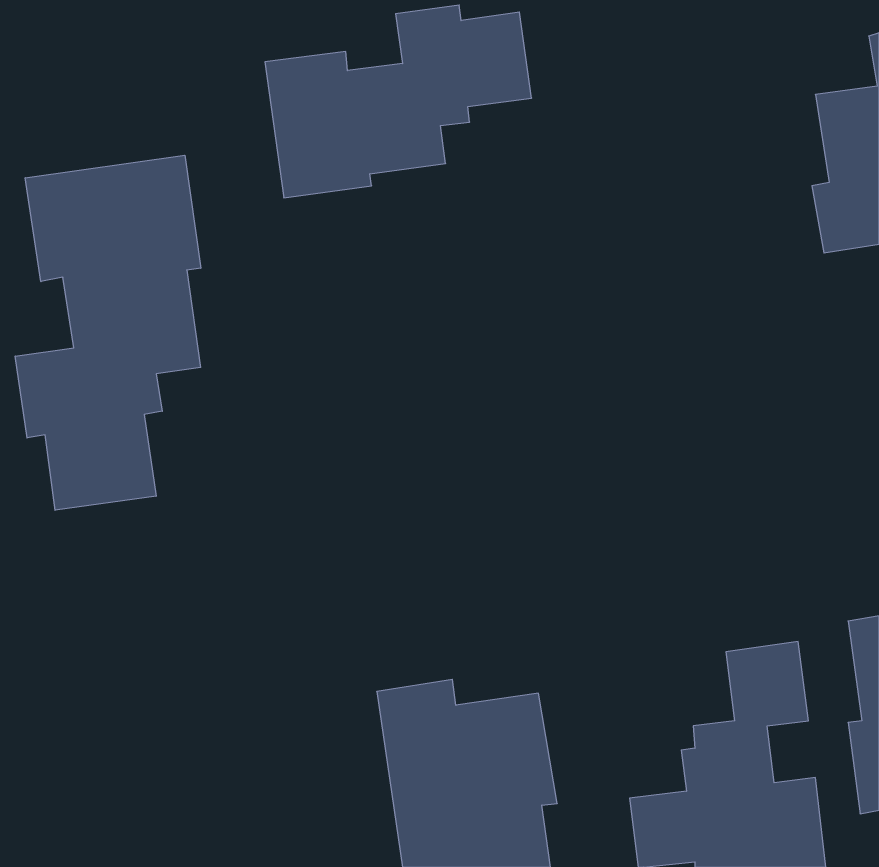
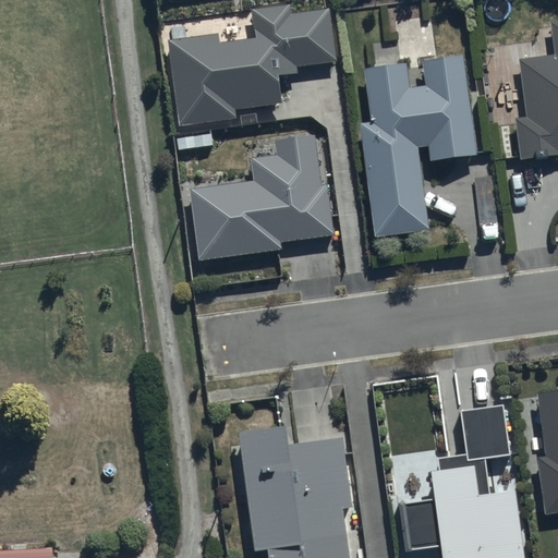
building: none -> [360,57,477,240]
building: [15,155,201,510] -> none
building: none -> [191,136,335,259]

